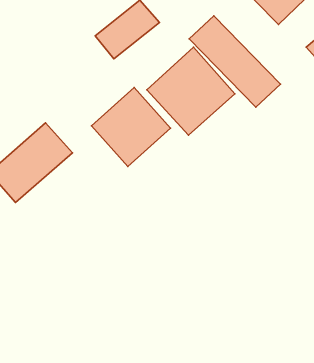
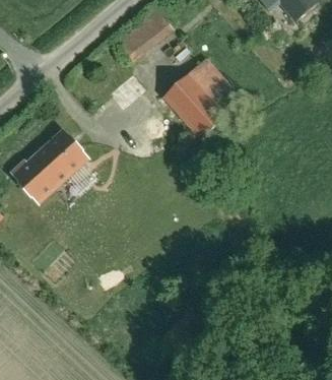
building: [189,16,280,107] -> none
building: [91,88,171,167] -> none

